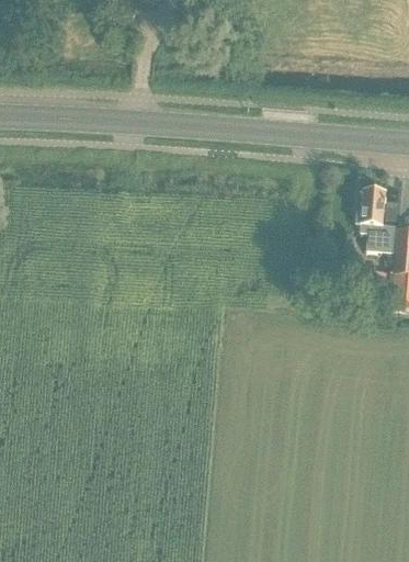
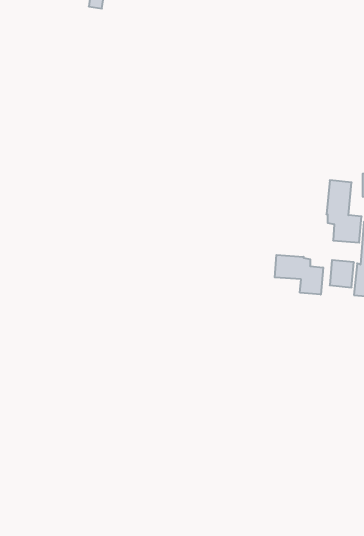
building: none -> [275,255,323,295]

